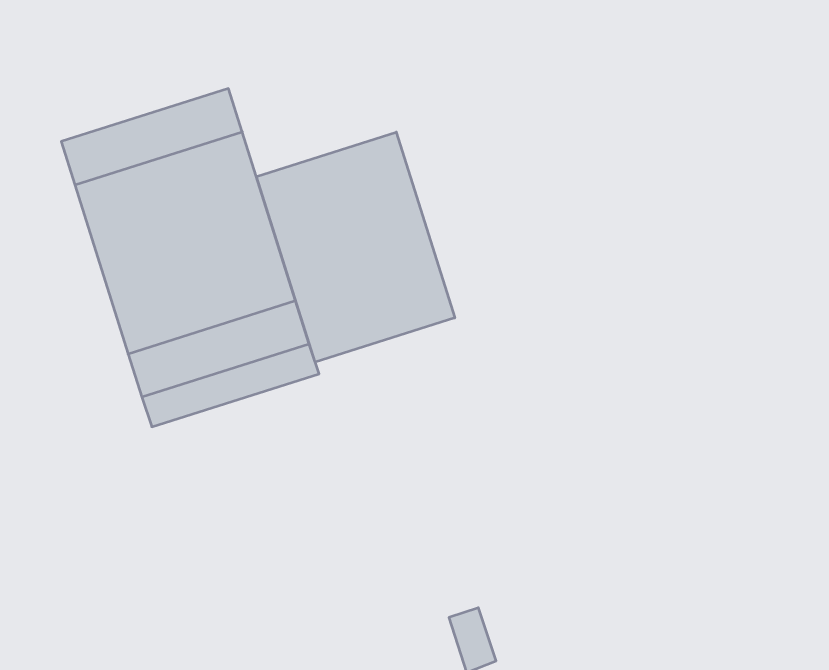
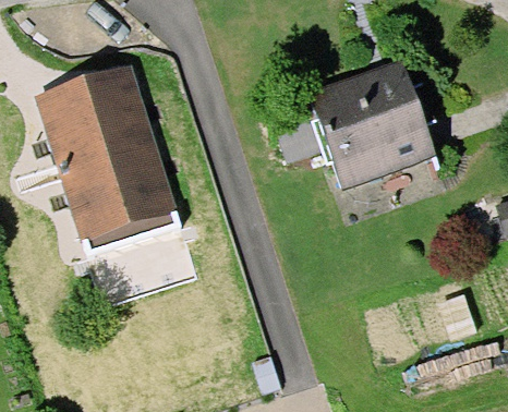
building: none -> [310,64,434,182]
building: [257,132,455,362] -> none

